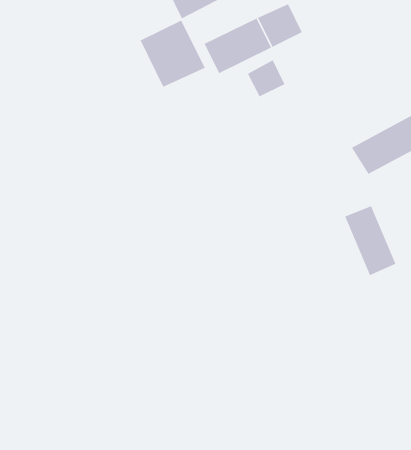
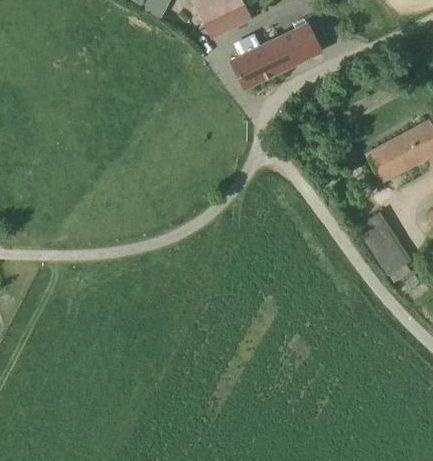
building: [139,20,206,88] -> none
building: [247,59,285,97] -> none

